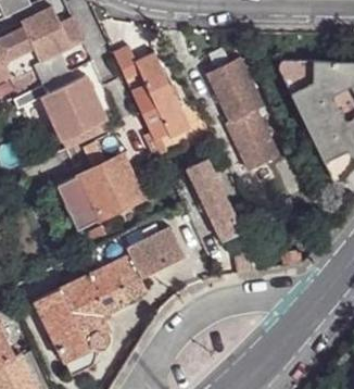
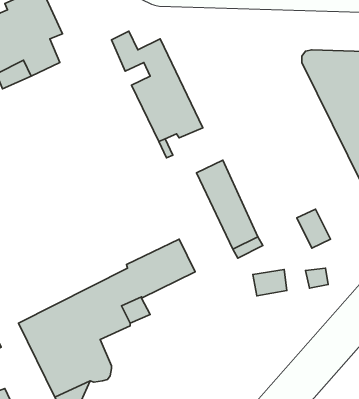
building: [203,58,276,171] -> none
building: [40,75,104,140] -> none
building: [56,154,142,228] -> none

